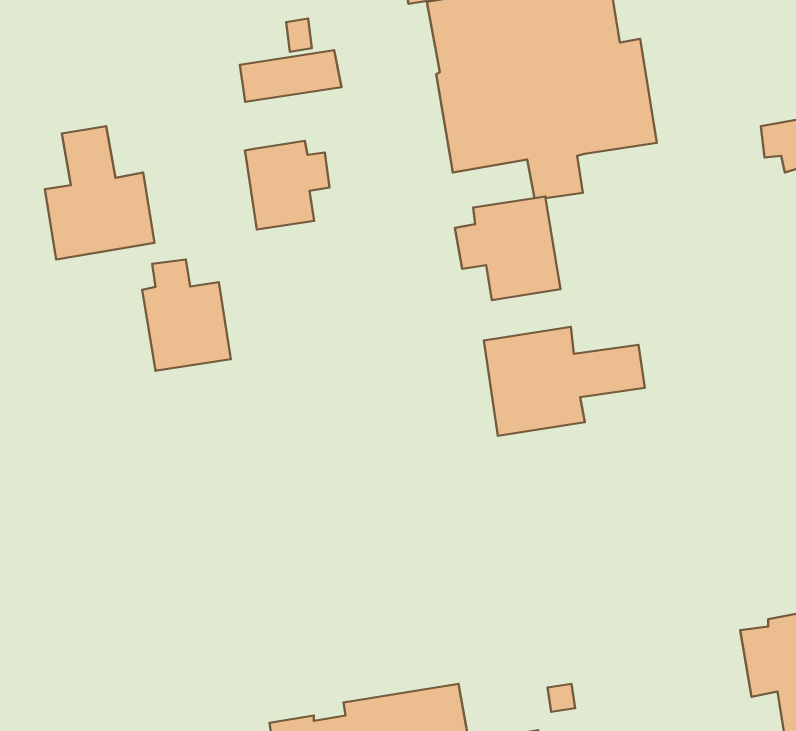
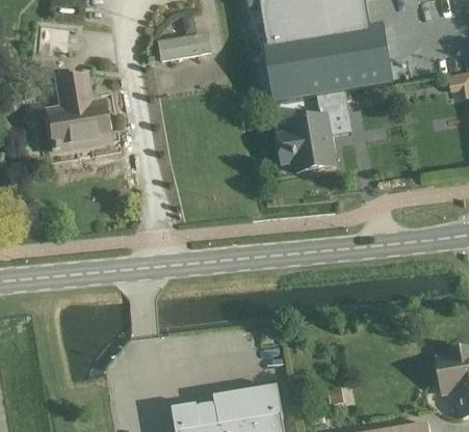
building: [245,141,329,230] -> none
building: [142,260,231,371] -> none
building: [484,327,645,436] -> none

